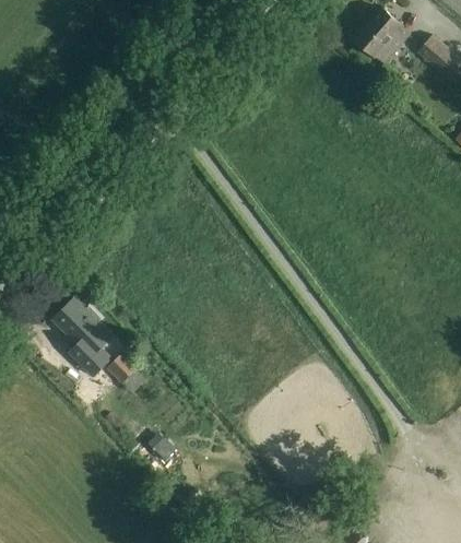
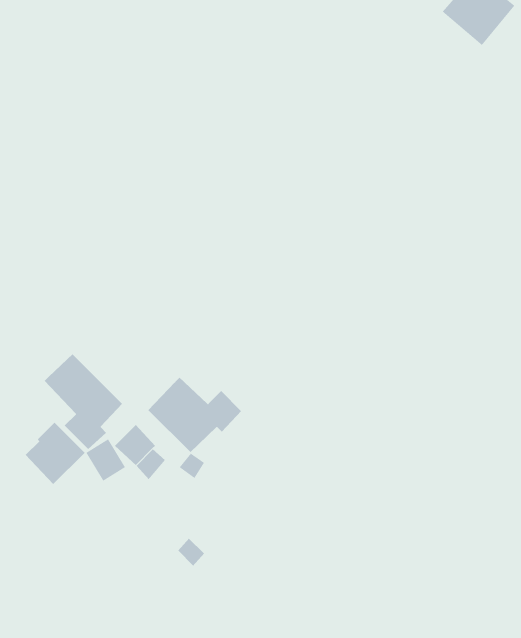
building: none -> [148,377,242,453]
building: none -> [25,422,85,485]

